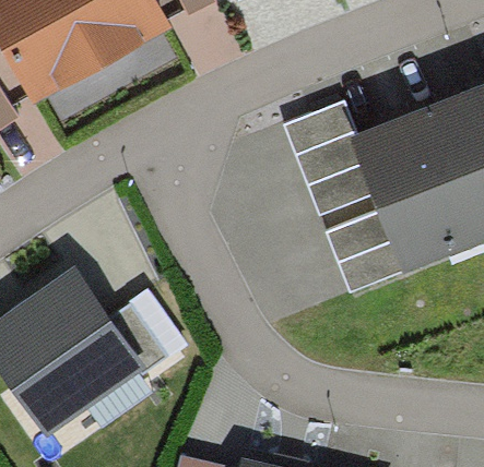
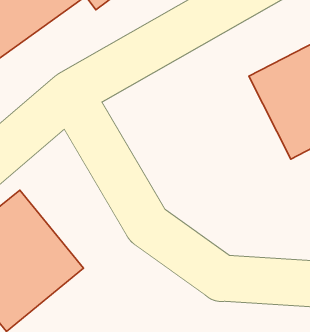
building: [285,110,378,220] -> none
building: [331,220,408,300] -> none

